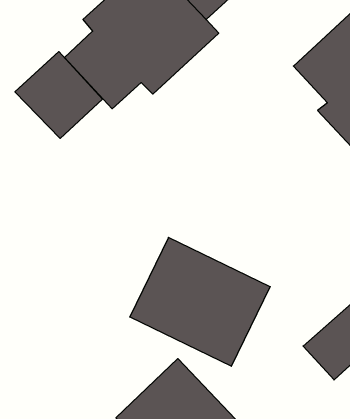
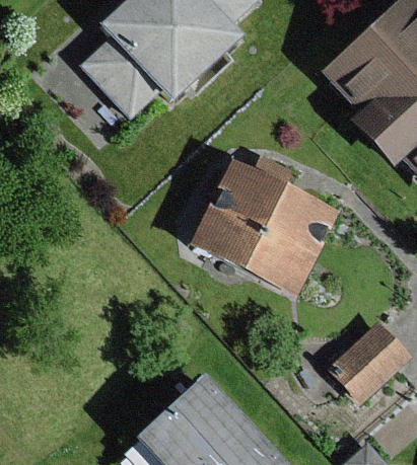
building: [15,52,102,138] -> none
building: [130,237,270,366] -> [192,160,339,295]

